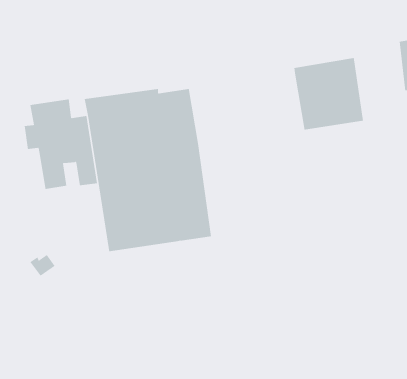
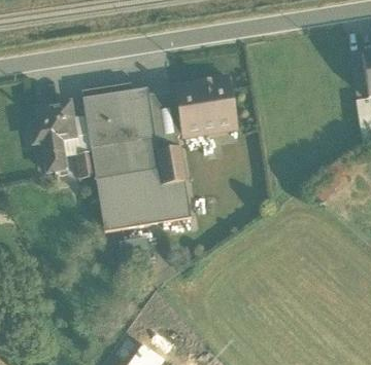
building: [293,57,364,130] -> [174,74,236,138]

